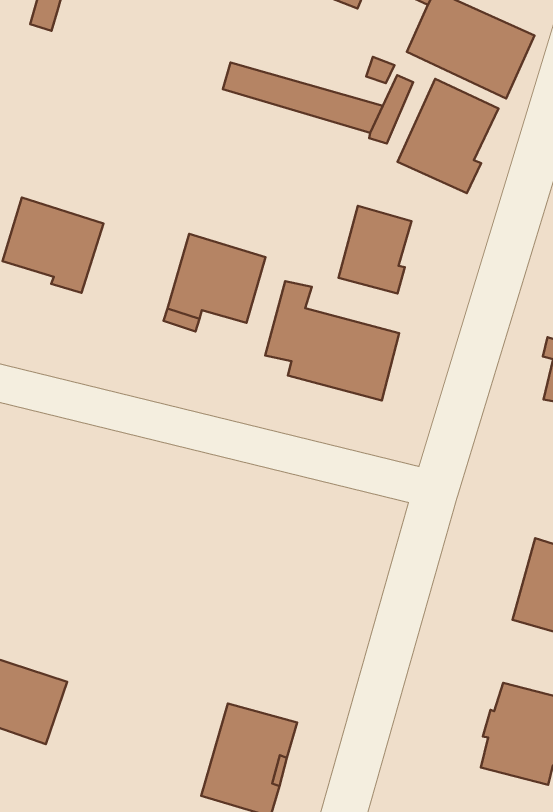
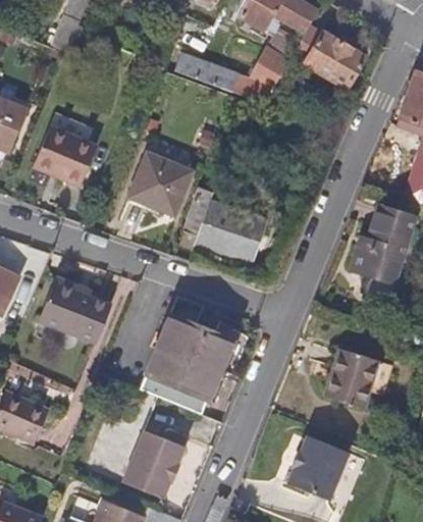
building: [397,79,498,193] -> none
building: [339,206,411,293] -> none
building: none -> [40,276,111,343]
building: none -> [142,317,231,414]

